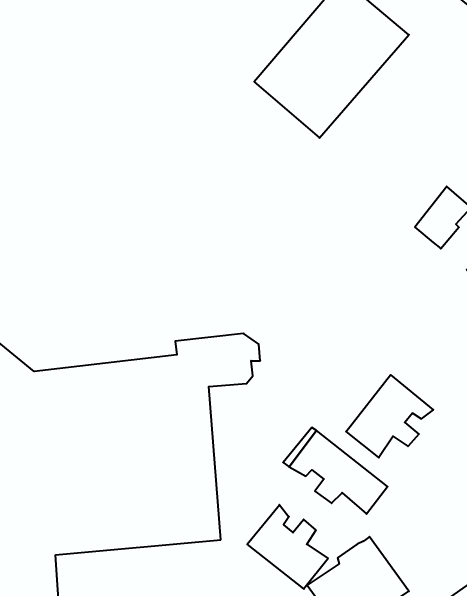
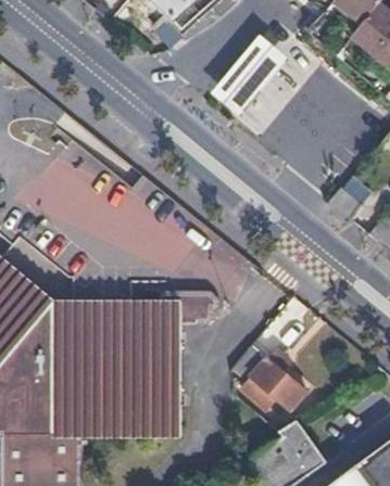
building: [346,375,433,458] -> none
building: [247,505,328,589] -> none

